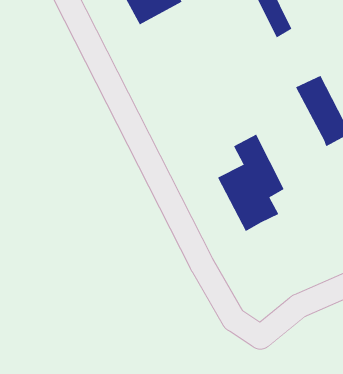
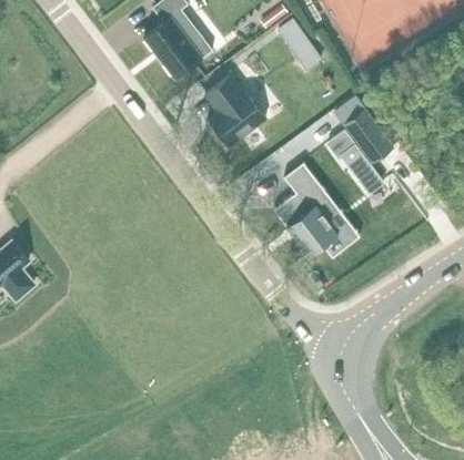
building: none -> [205,73,266,145]
building: none -> [327,130,384,193]

